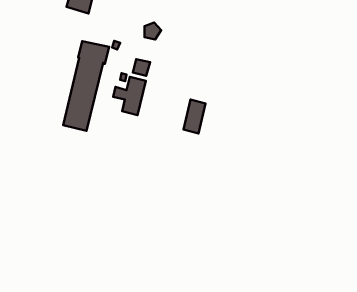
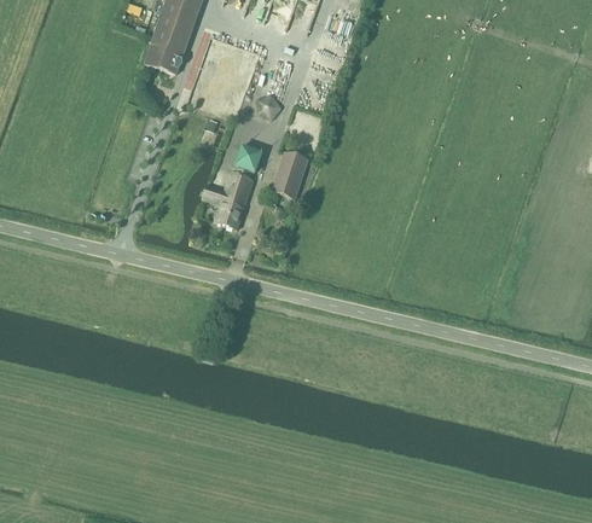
building: [63,41,109,131] -> none
building: [184,99,206,134] -> [273,146,308,197]

